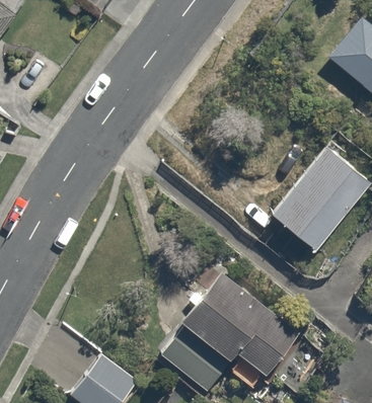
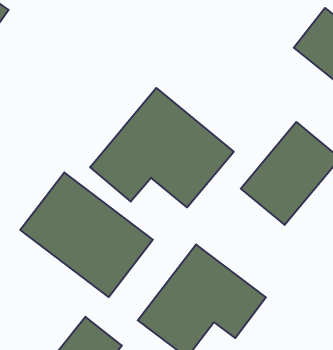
building: none -> [90,88,234,207]
building: none -> [20,172,153,297]

